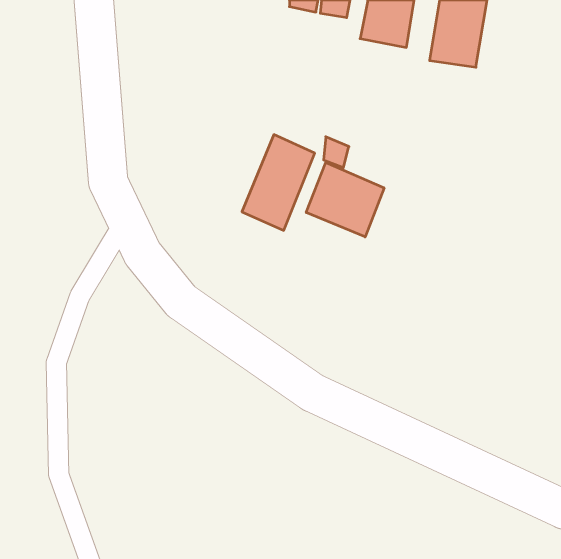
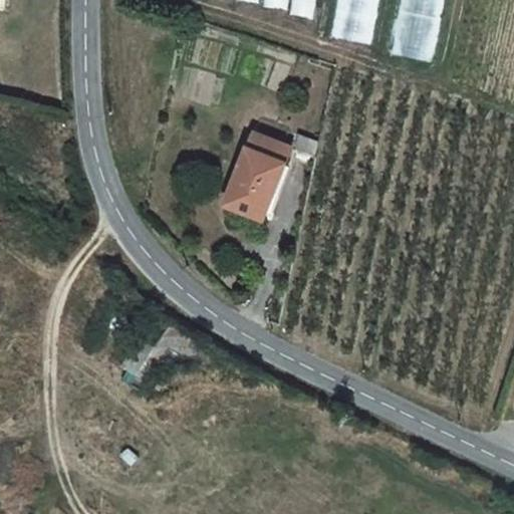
building: [306,163,384,237] -> none

